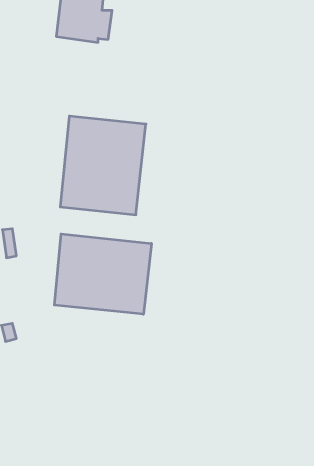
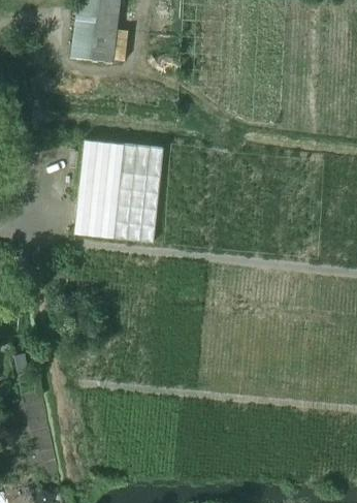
building: [54,234,151,314] -> none

